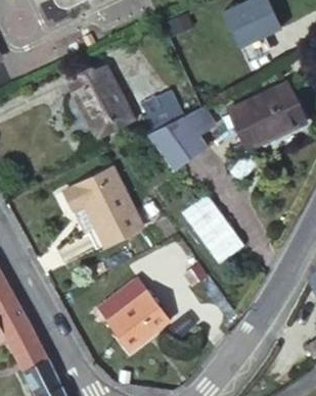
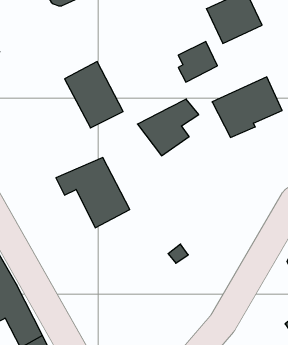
building: [140,91,182,134] -> [178,42,217,82]
building: [180,191,242,260] -> none
building: [99,280,170,351] -> none

